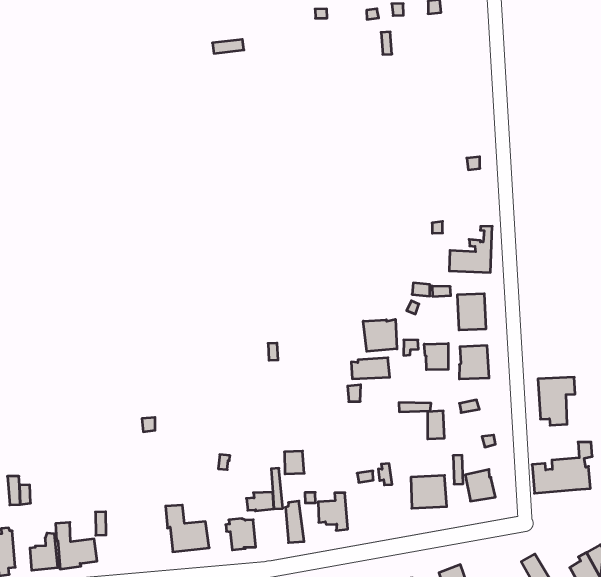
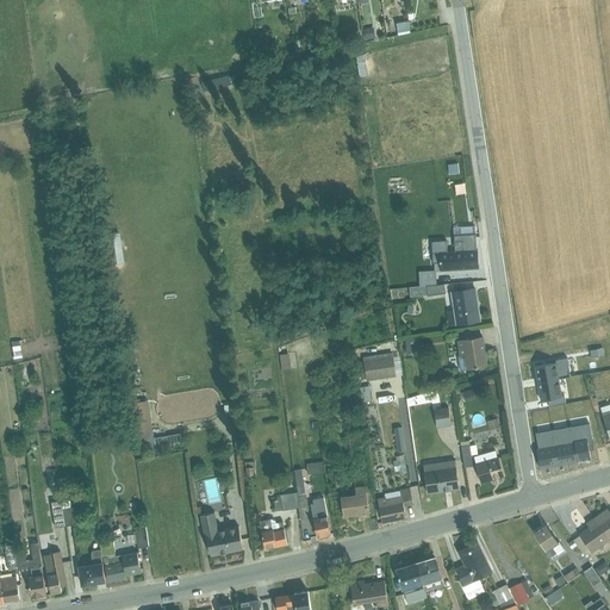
building: [363,319,397,351] -> none
building: [424,343,448,370] -> none
building: none -> [376,487,412,522]

